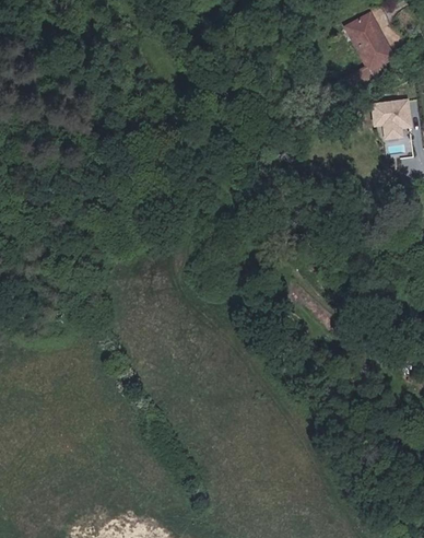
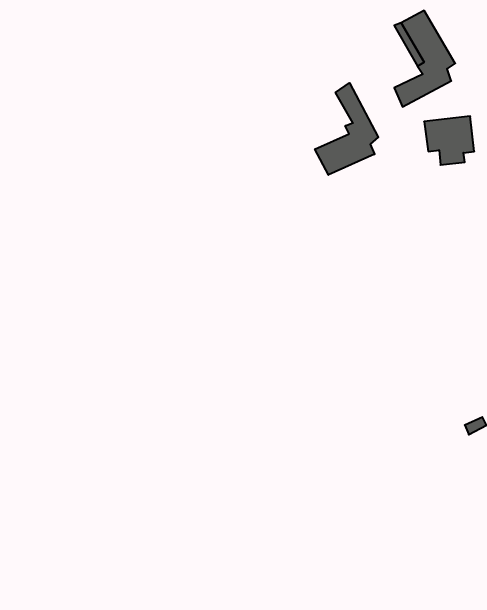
building: none -> [315,83,378,175]

